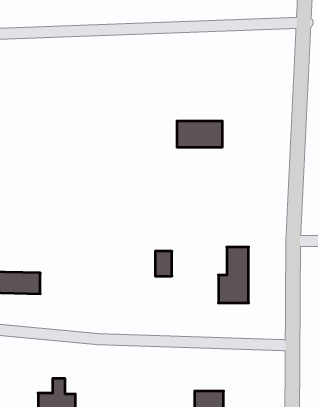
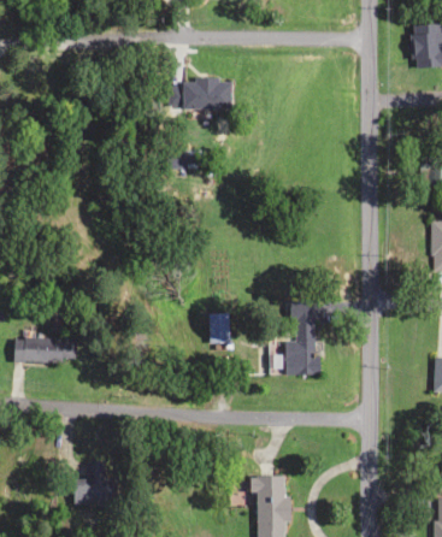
building: [177,121,222,147] -> [179,78,232,108]

